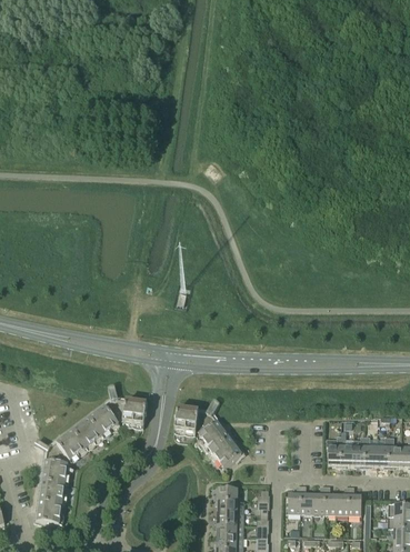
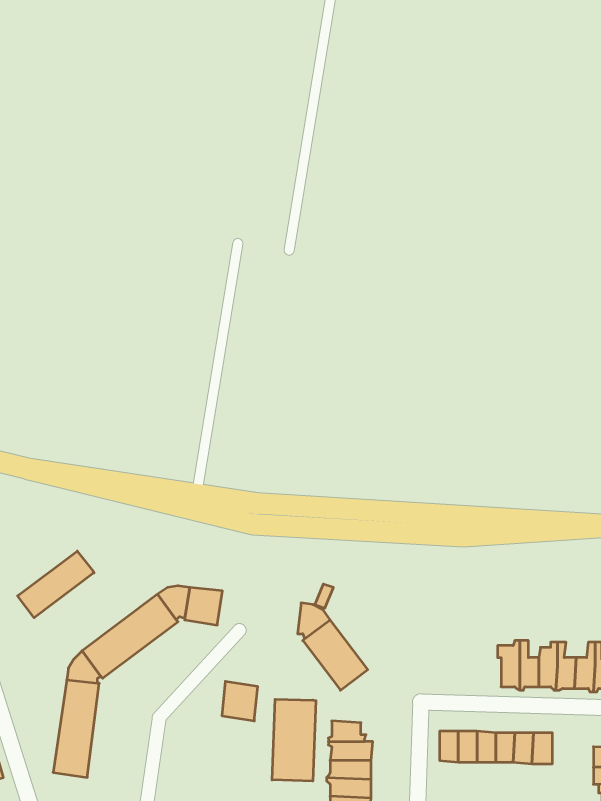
building: none -> [18,551,94,618]
building: [174,405,198,431] -> [222,681,258,721]
building: none -> [272,699,316,781]

